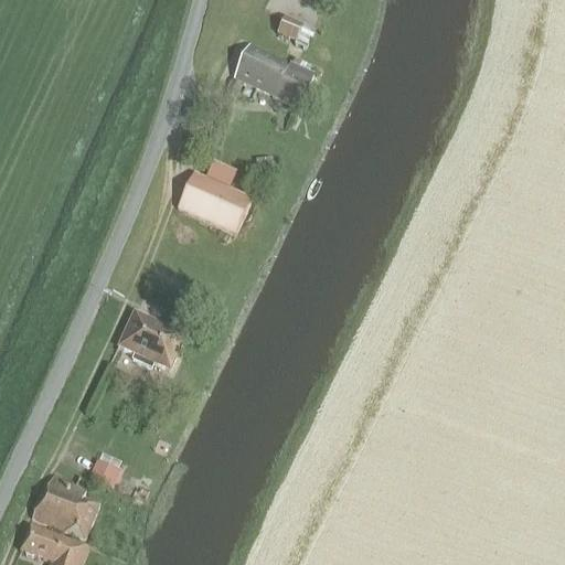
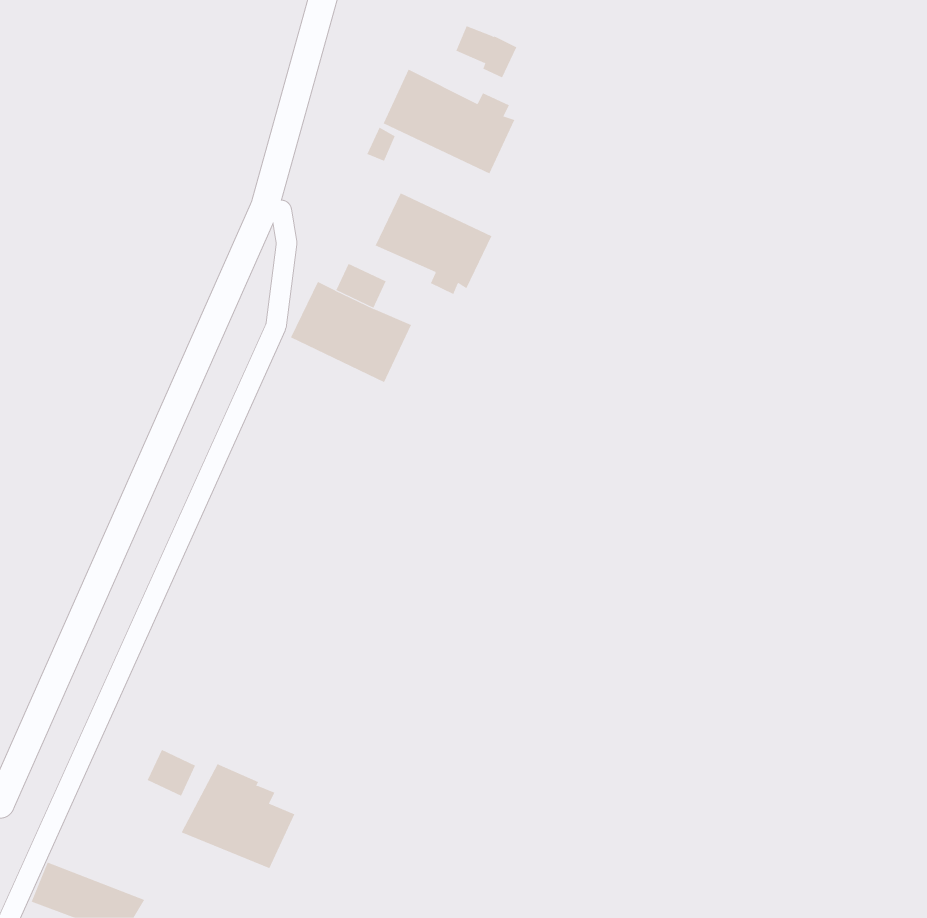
building: none -> [375,193,492,295]
building: [116,308,186,370] -> none
building: [31,473,100,537] -> [181,764,295,869]

